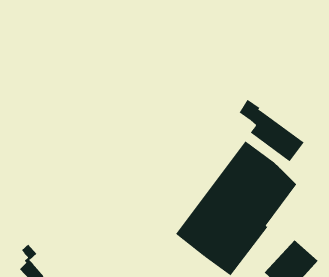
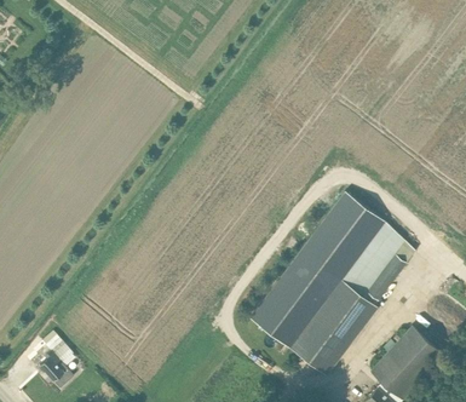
building: [239,99,304,162] -> none

